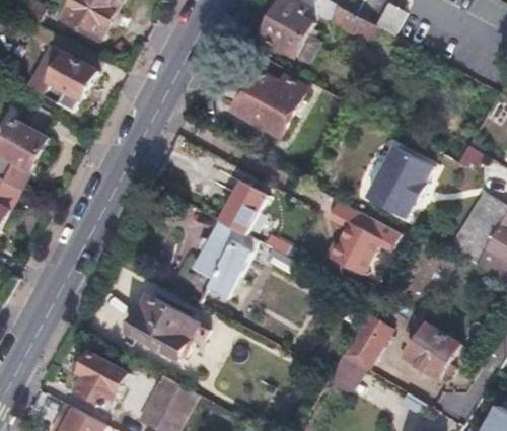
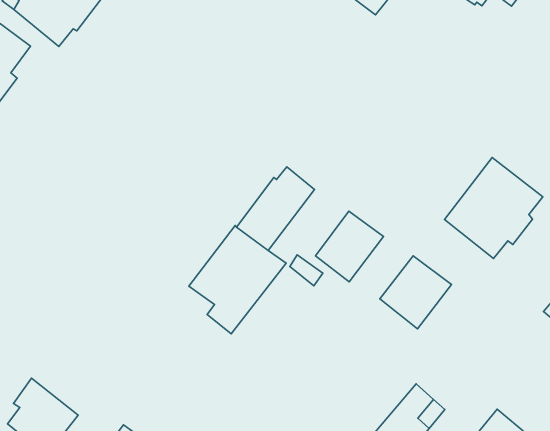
building: [231,70,304,135] -> none
building: none -> [316,211,384,282]
building: [128,296,199,361] -> none

